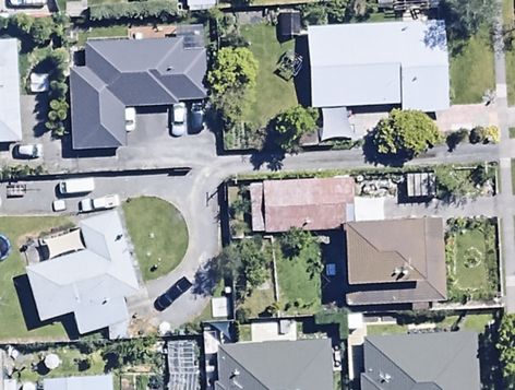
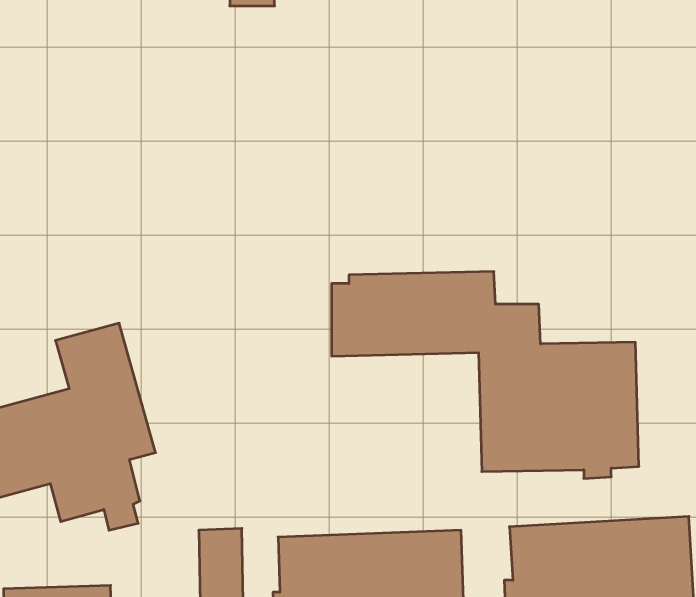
building: [307,19,450,113] -> none
building: [70,39,206,146] -> none

